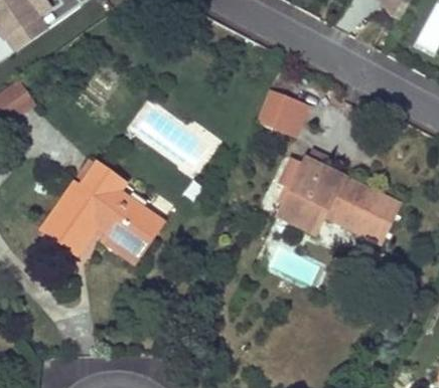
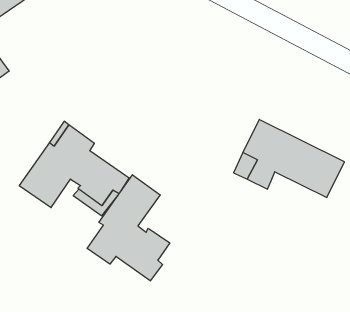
building: [259,89,310,138] -> none
building: none -> [87,175,170,281]

